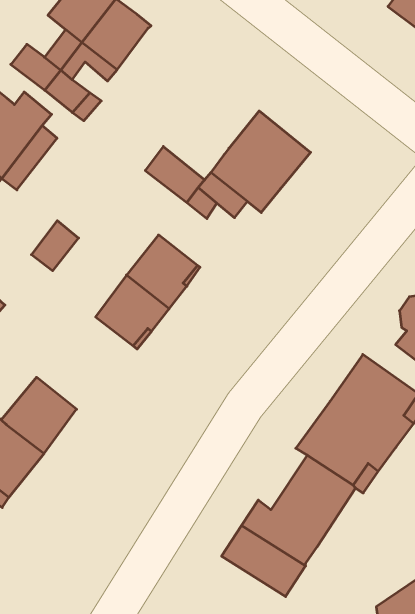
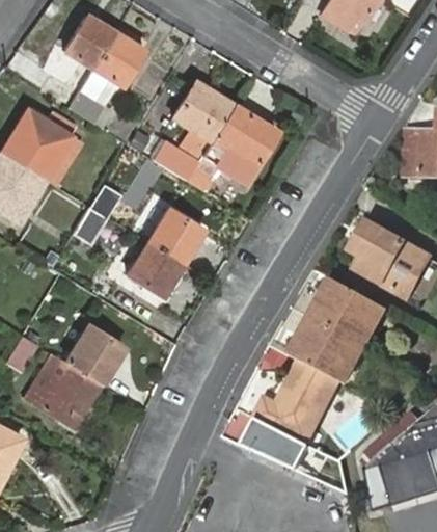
building: none -> [173,80,234,139]

